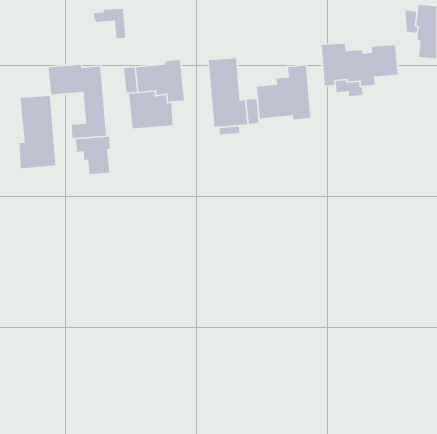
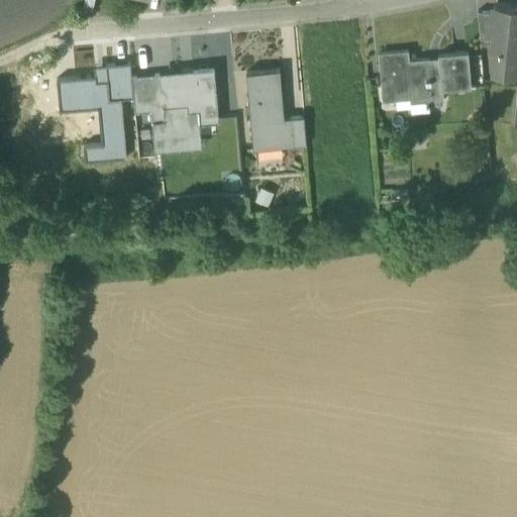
building: [93,8,126,39] -> [94,63,133,99]
building: [256,65,311,120] -> none
building: [18,95,56,169] -> none
building: [75,136,111,175] -> none

